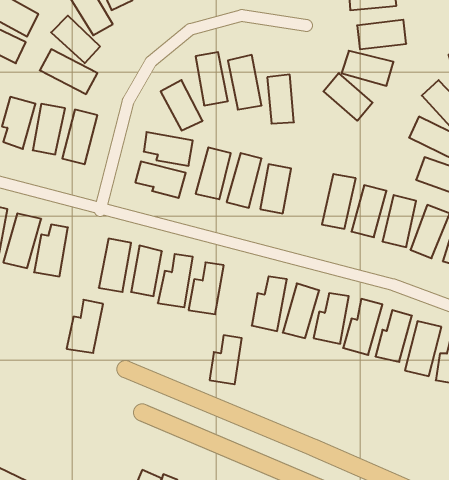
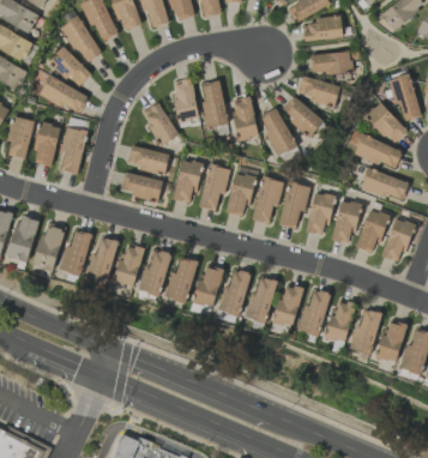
building: none -> [259,109,296,156]
building: none -> [252,176,282,224]
building: [67,300,103,353] -> [60,230,91,276]
building: [210,335,242,384] -> [194,265,222,307]

